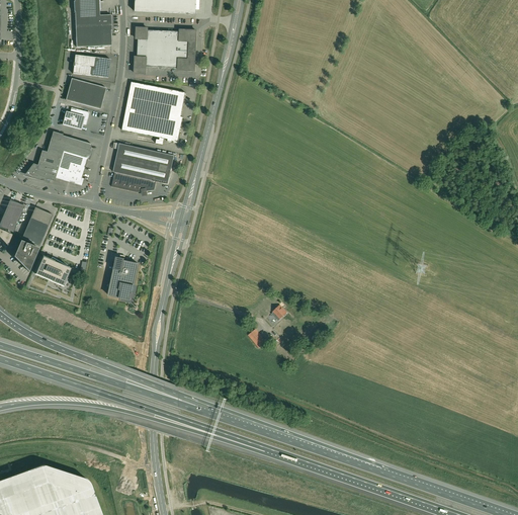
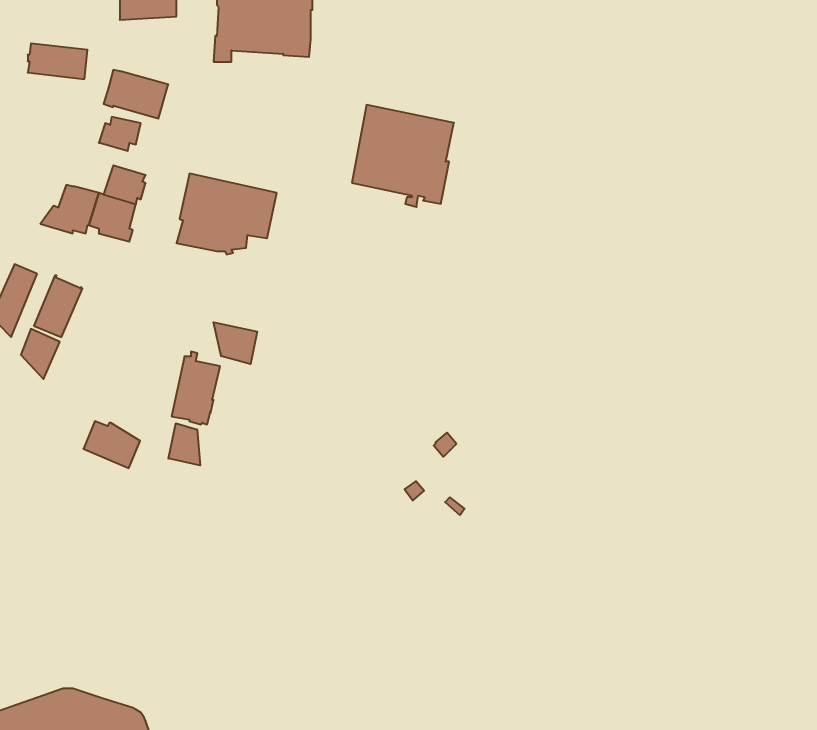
building: [72,56,109,78] -> [28,43,88,79]
building: [121,82,185,146] -> [352,105,454,207]
building: [47,132,71,157] -> none
building: none -> [213,322,257,364]
building: [34,257,70,286] -> [83,421,140,468]
building: none -> [168,423,200,465]

